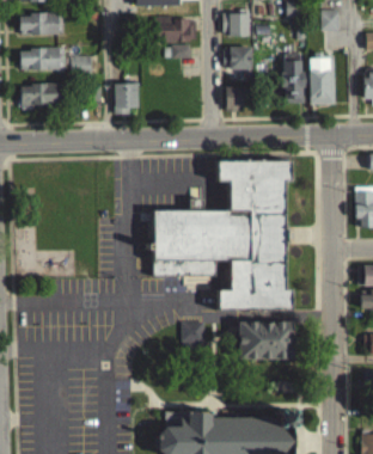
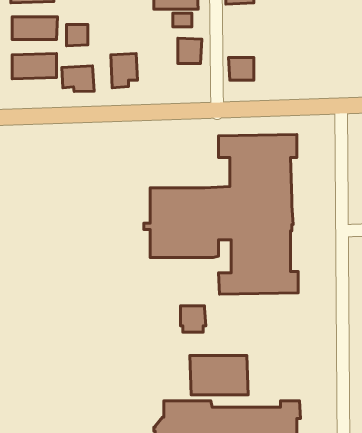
building: [230,45,252,69] -> [178,38,202,63]
building: [282,53,304,103] -> none
building: [308,57,335,104] -> none
building: none -> [62,66,94,92]
building: [236,320,291,357] -> [190,356,248,395]

